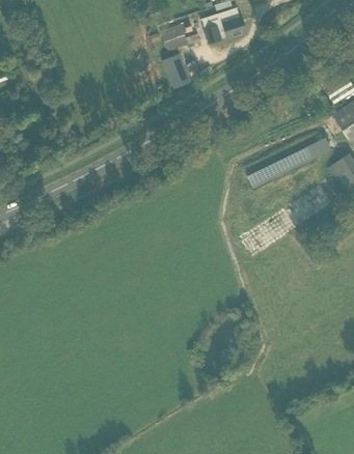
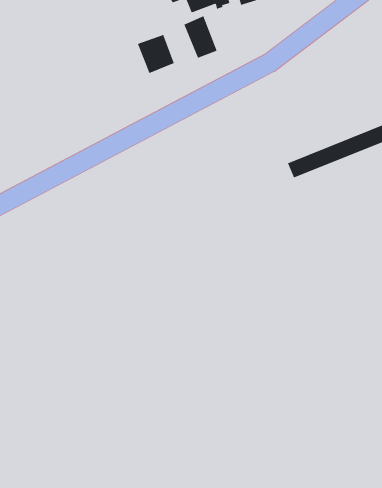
building: none -> [137,34,174,74]

